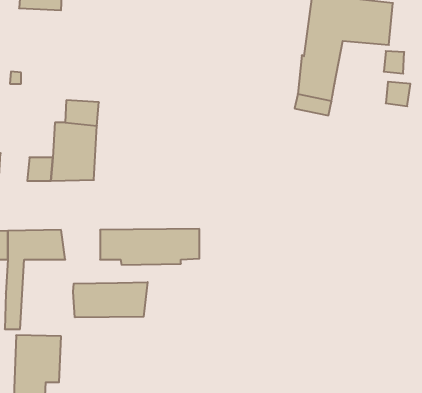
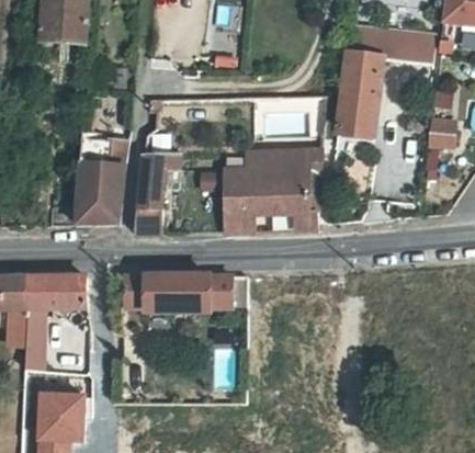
building: none -> [222,149,321,231]
building: none -> [133,151,179,234]
building: [73,282,148,317] -> none

